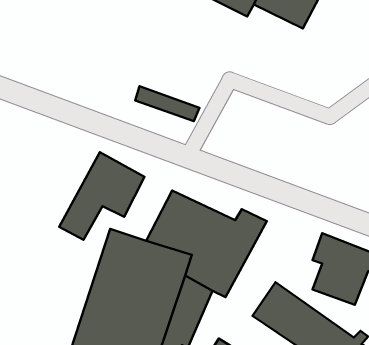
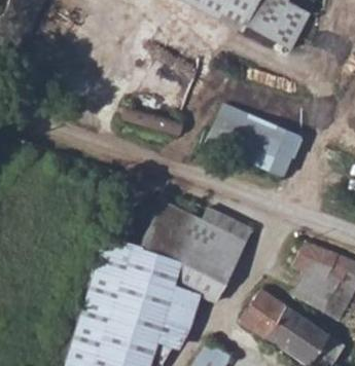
building: none -> [211,110,303,176]
building: [59,152,145,240] -> none

